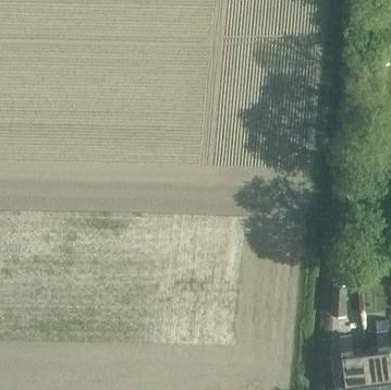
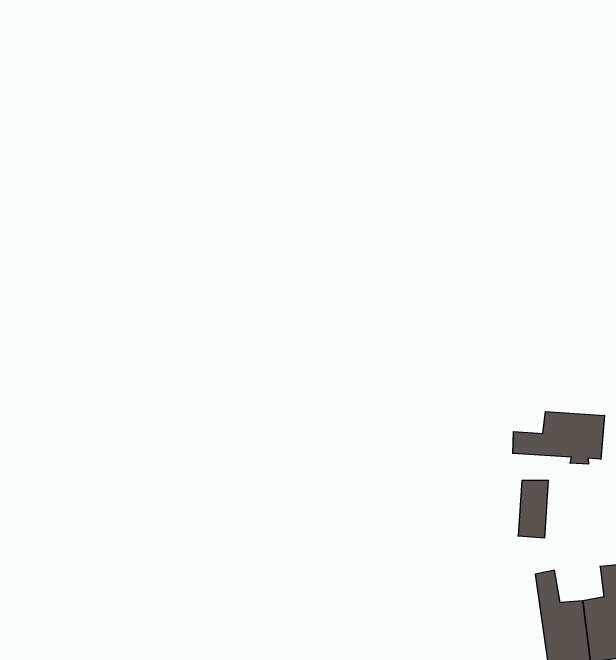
building: none -> [513,412,604,464]

